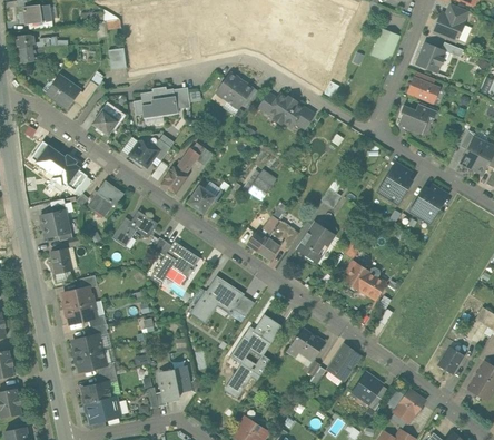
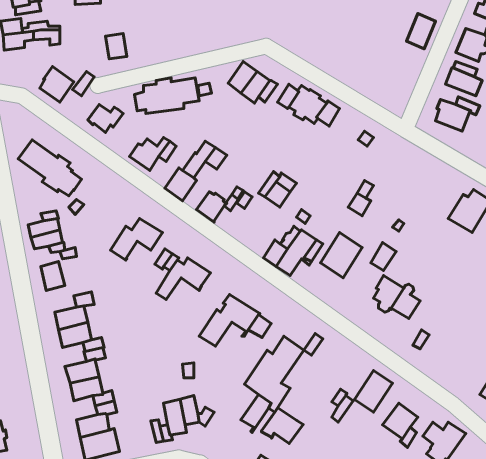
building: [378,163,412,204] -> none
building: [89,180,123,215] -> none
building: [288,329,325,360] -> [261,408,303,443]

